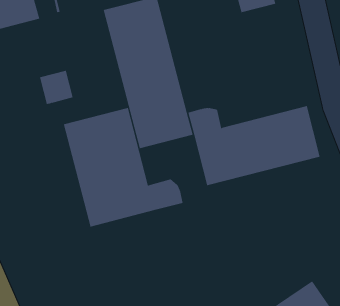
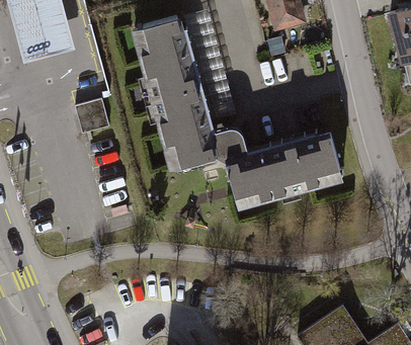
building: [63,107,183,227] -> none

